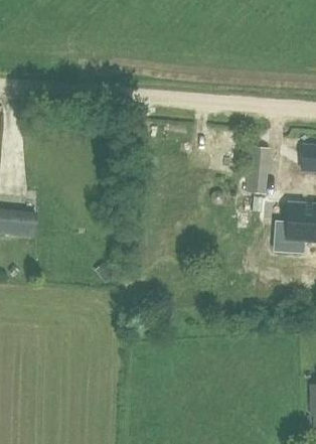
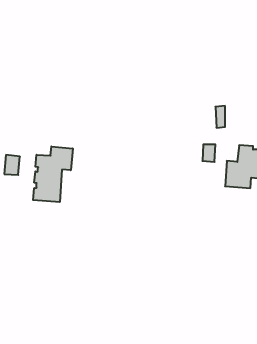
building: none -> [33,146,73,202]

